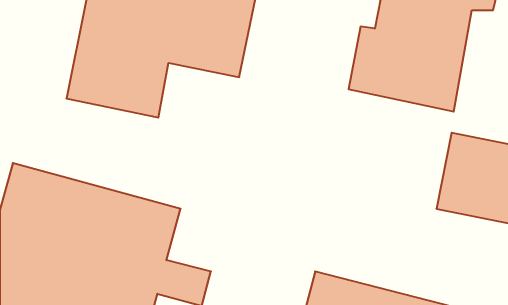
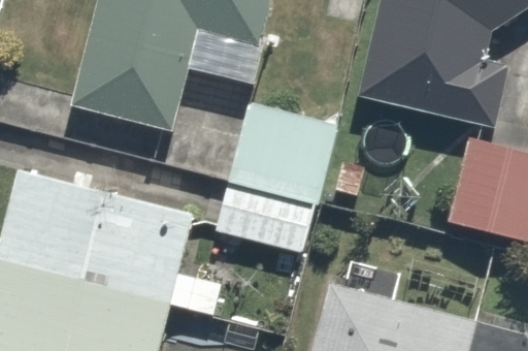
building: none -> [218,108,331,253]

